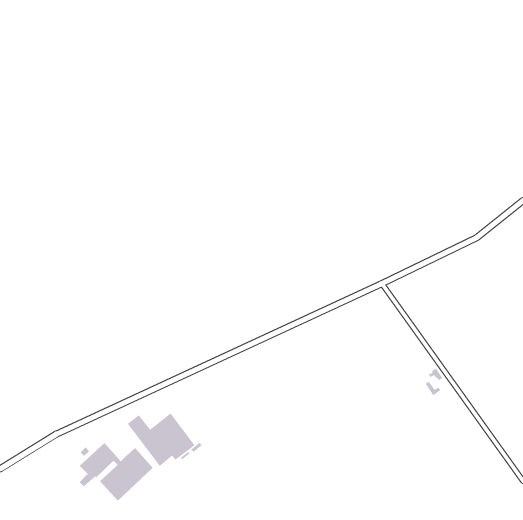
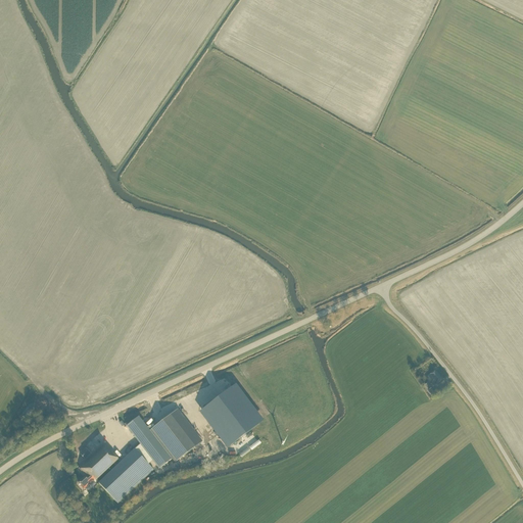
building: none -> [203,384,259,442]

